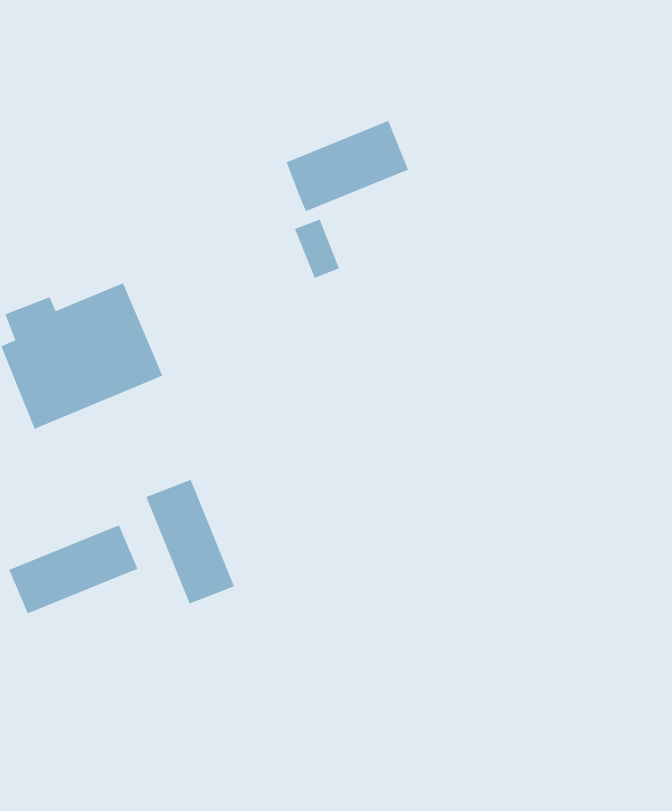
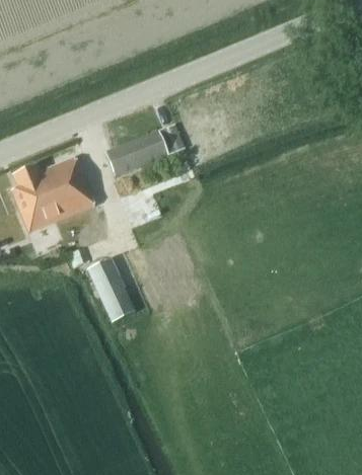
building: [286,120,409,212] -> [108,130,171,176]
building: [9,524,138,614] -> none

